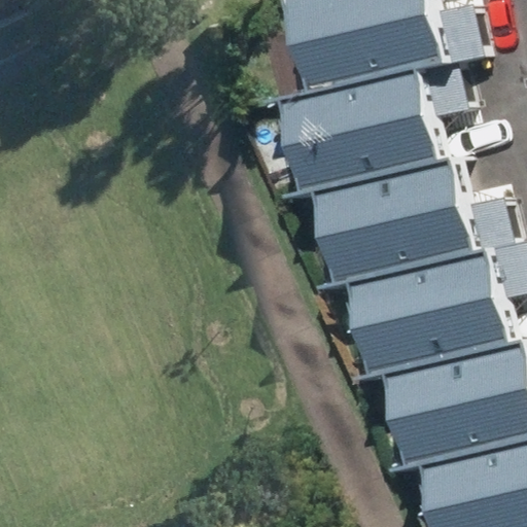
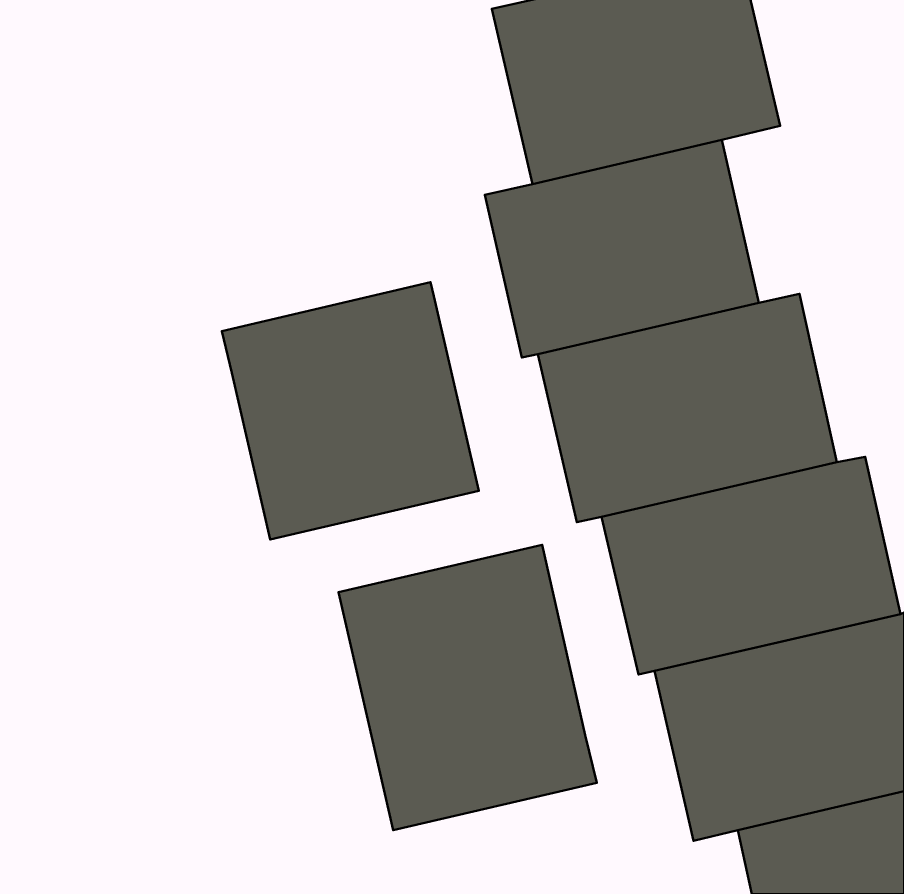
building: none -> [222,282,479,540]
building: none -> [339,545,597,830]

